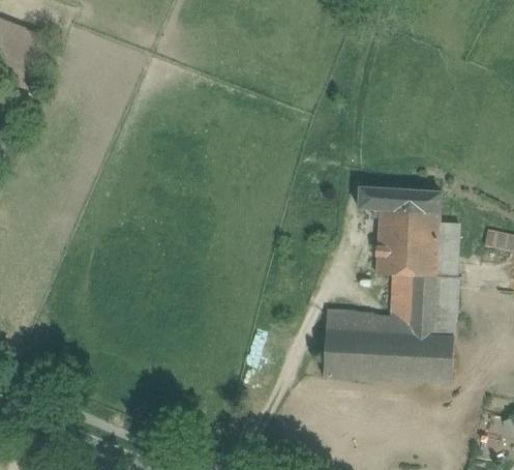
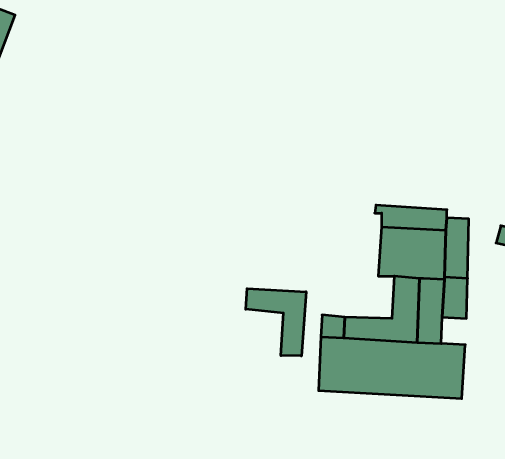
building: [357,186,439,212] -> none
building: none -> [246,289,306,356]
building: [432,310,455,334] -> none

